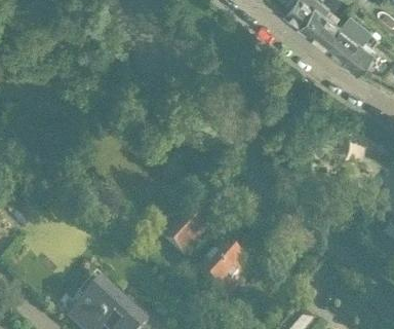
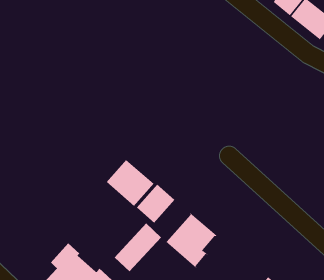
building: none -> [106,159,154,207]
building: none -> [114,223,162,272]

